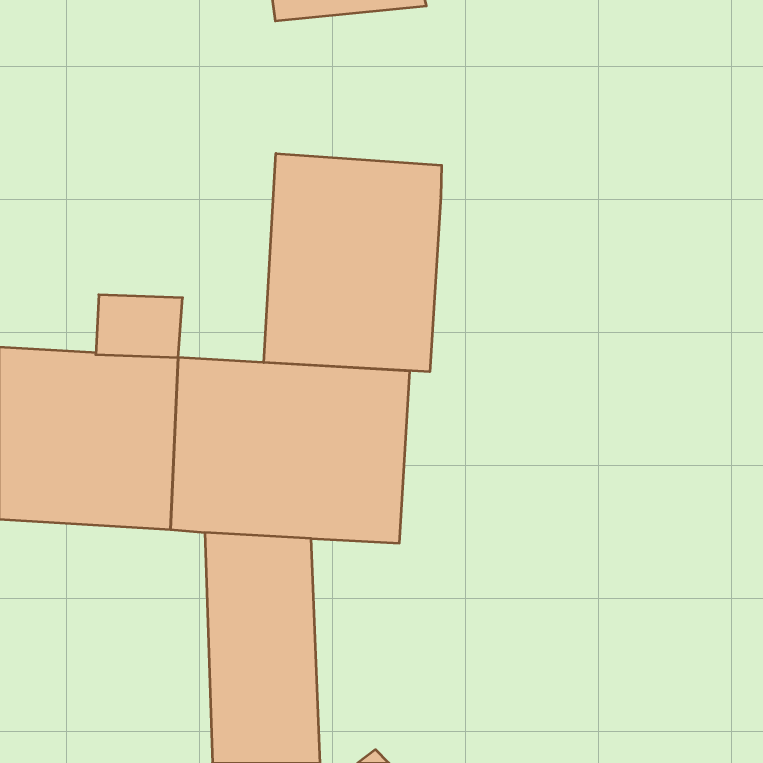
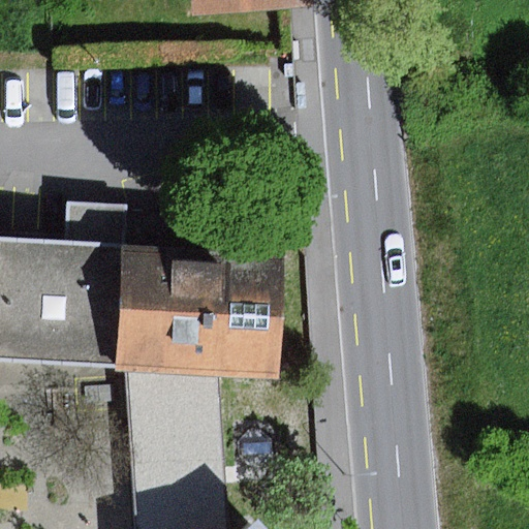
building: [264,153,442,372] -> none

